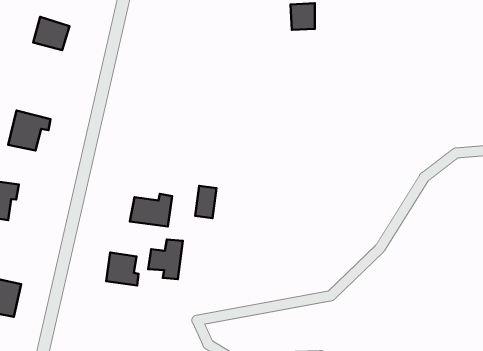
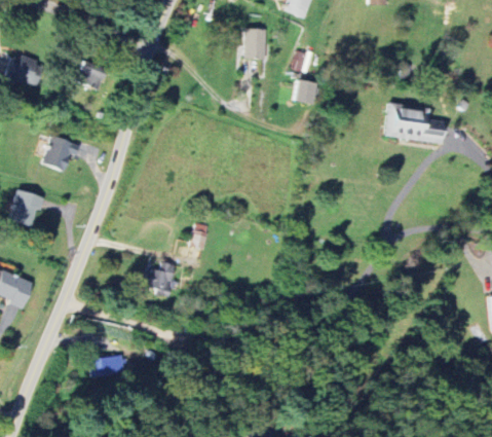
building: none -> [384,104,444,143]
building: [130,194,172,227] -> none
building: [106,253,138,286] -> none

